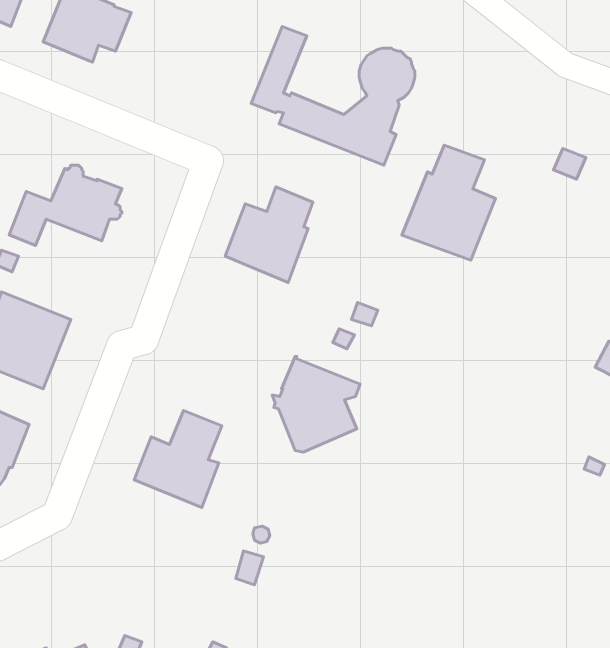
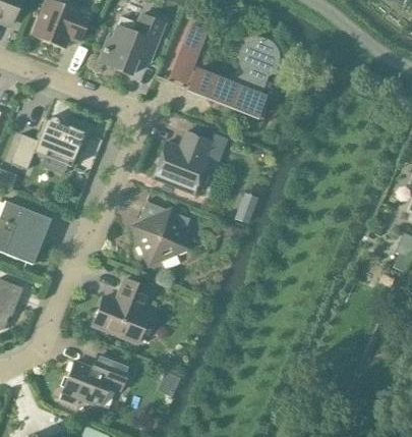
building: none -> [99,13,165,74]
building: [402,145,496,260] -> none
building: [272,356,360,452] -> [132,200,190,263]
building: none -> [61,357,130,405]

